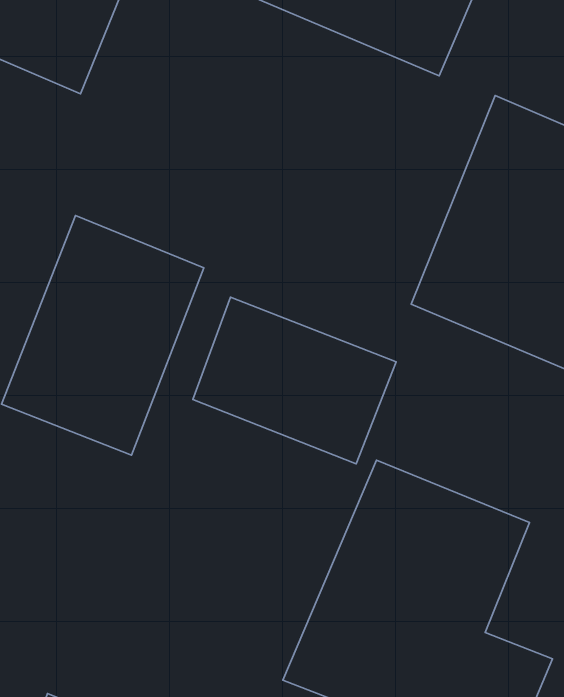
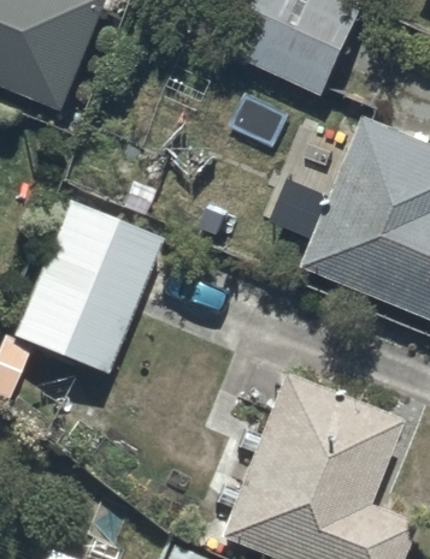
building: [193,297,396,464] -> none

